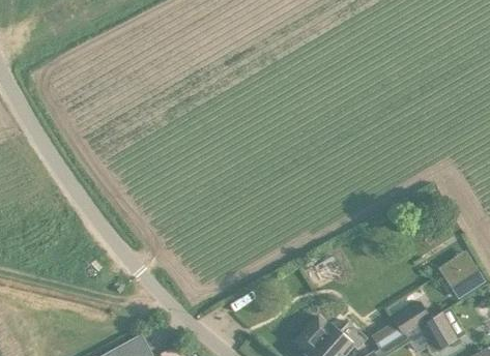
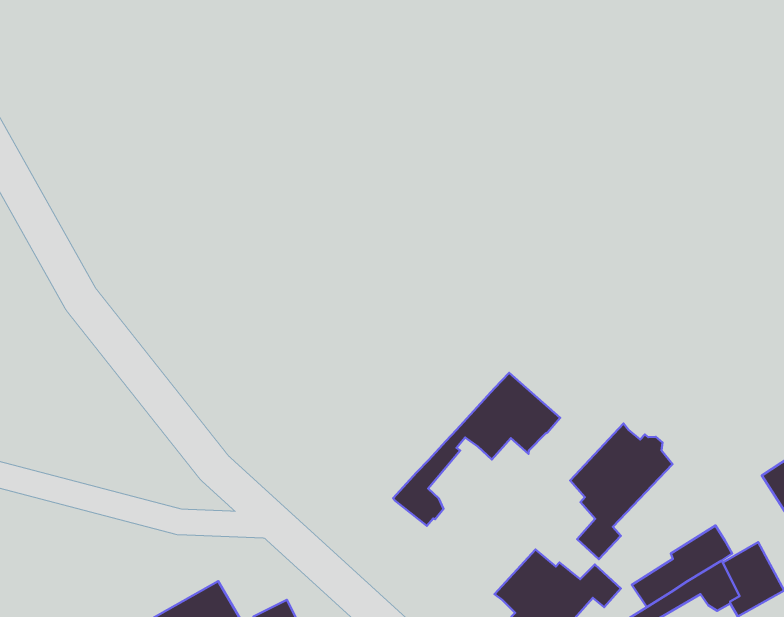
building: none -> [393,373,560,526]
building: none -> [570,424,673,559]

